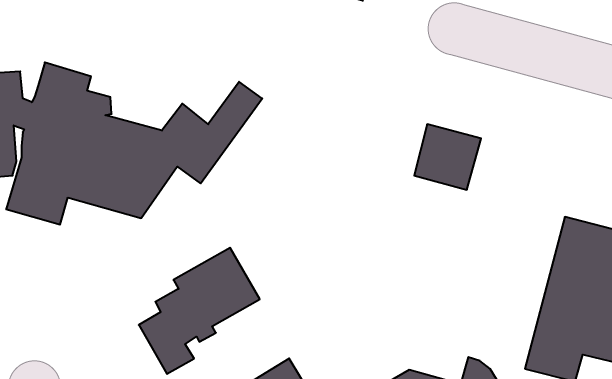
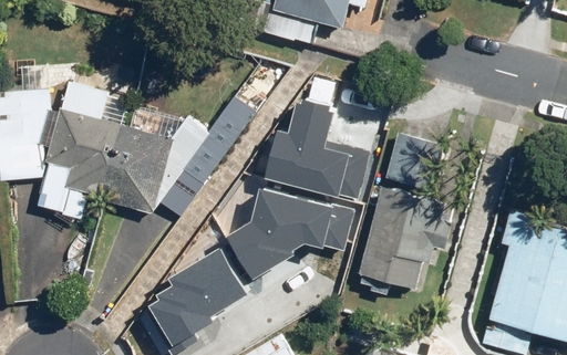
building: none -> [272,103,369,190]
building: none -> [231,185,353,271]
building: none -> [351,185,452,303]

